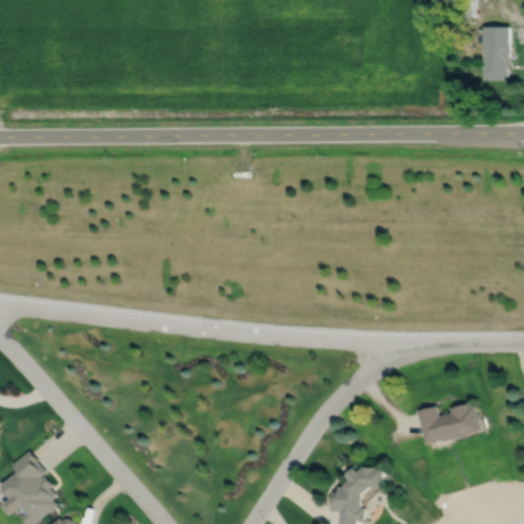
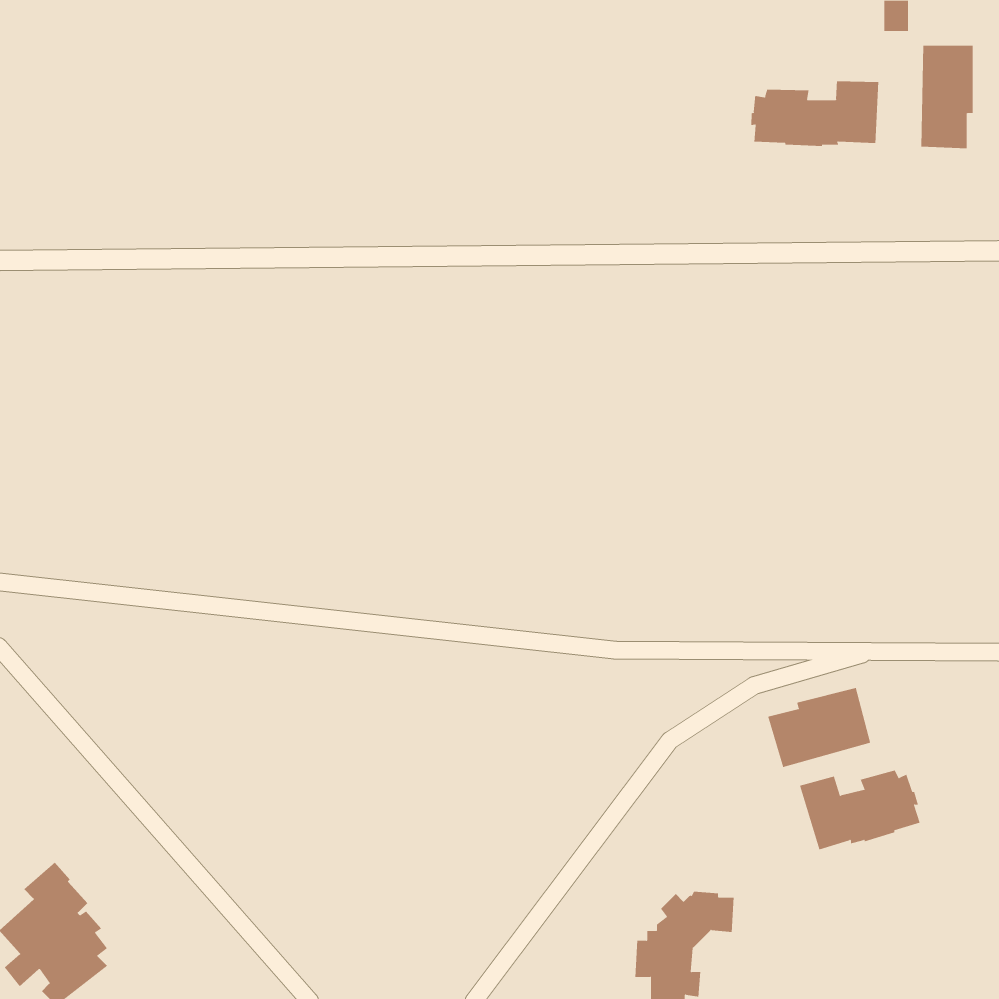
building: none -> [751,81,879,147]
building: none -> [768,687,871,768]

